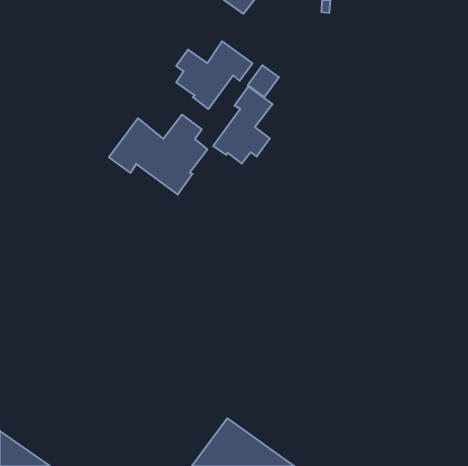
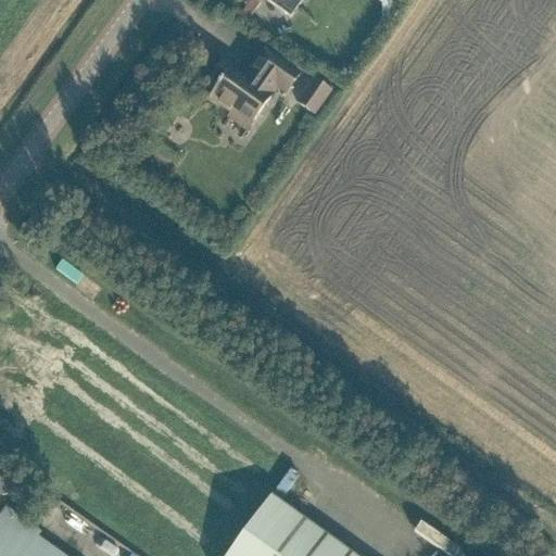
building: [213,86,273,164] -> none
building: [109,115,207,195] -> none

